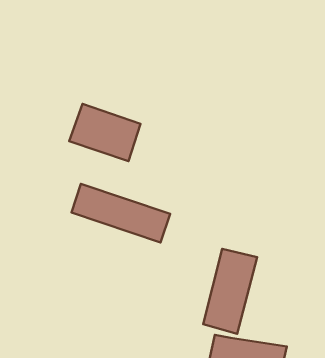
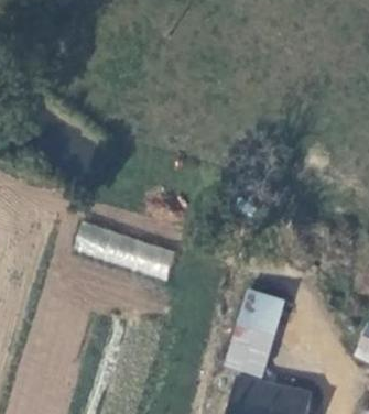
building: [69,104,140,161] -> none

